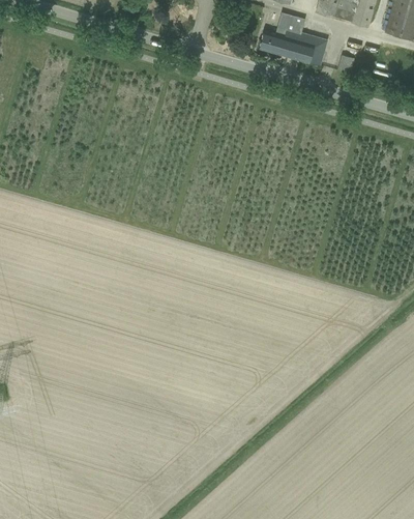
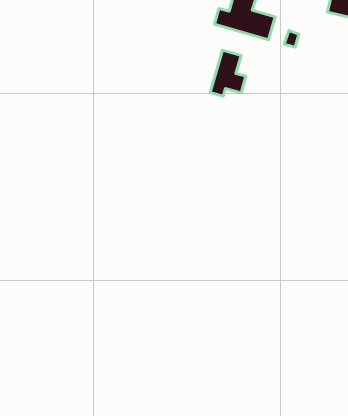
building: none -> [210,50,246,96]

